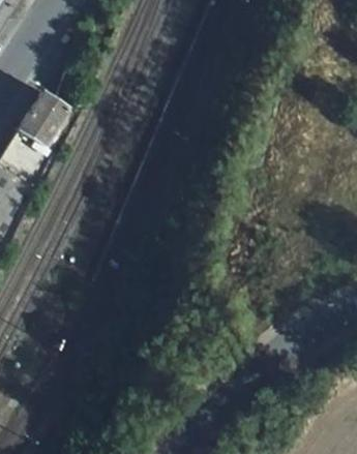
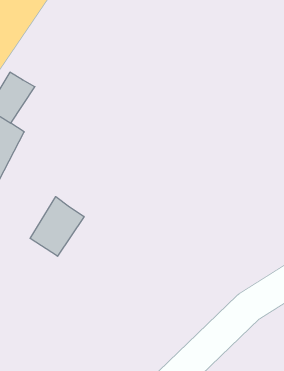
building: none -> [30,197,84,256]

